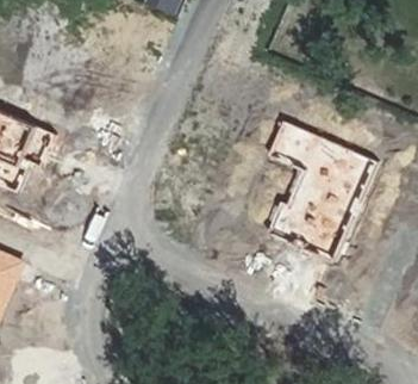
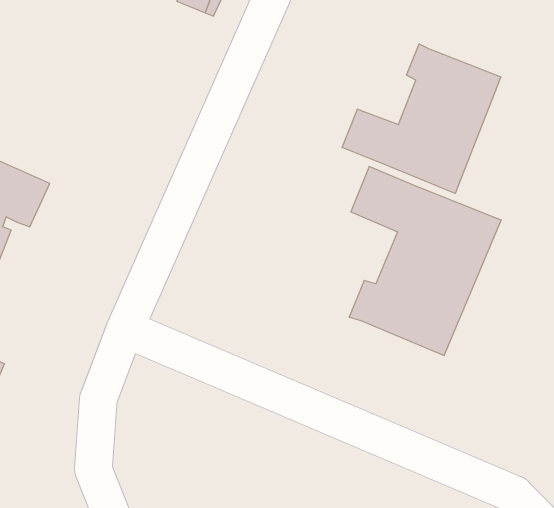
building: none -> [342,44,501,193]

